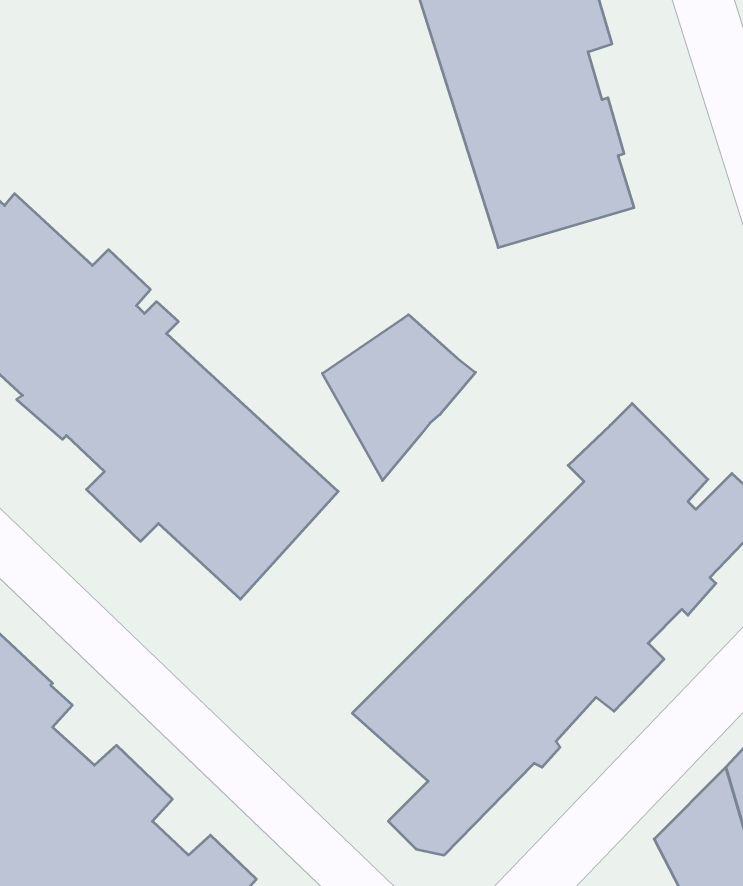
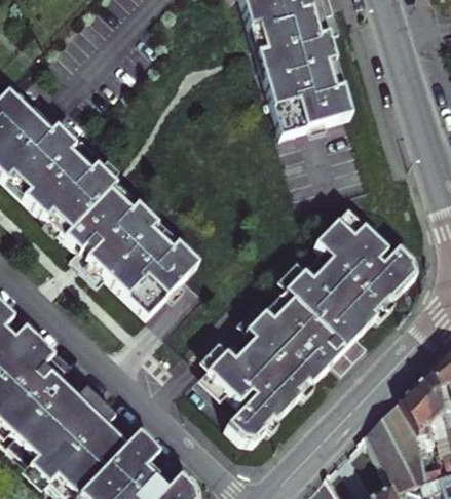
building: [322,315,476,481] -> none

